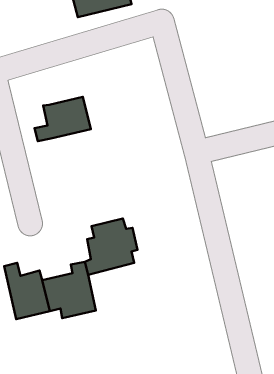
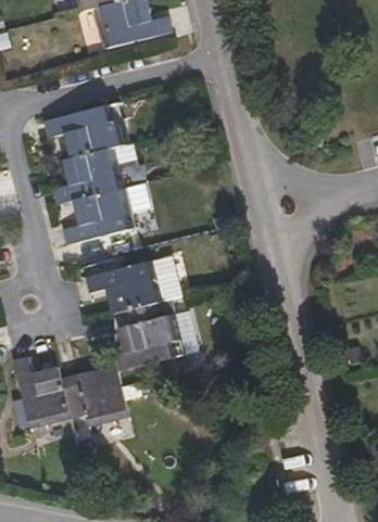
building: none -> [43,105,129,158]
building: none -> [62,189,131,244]
building: none -> [84,259,162,313]

